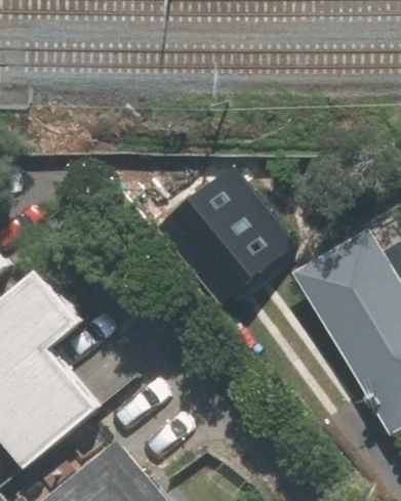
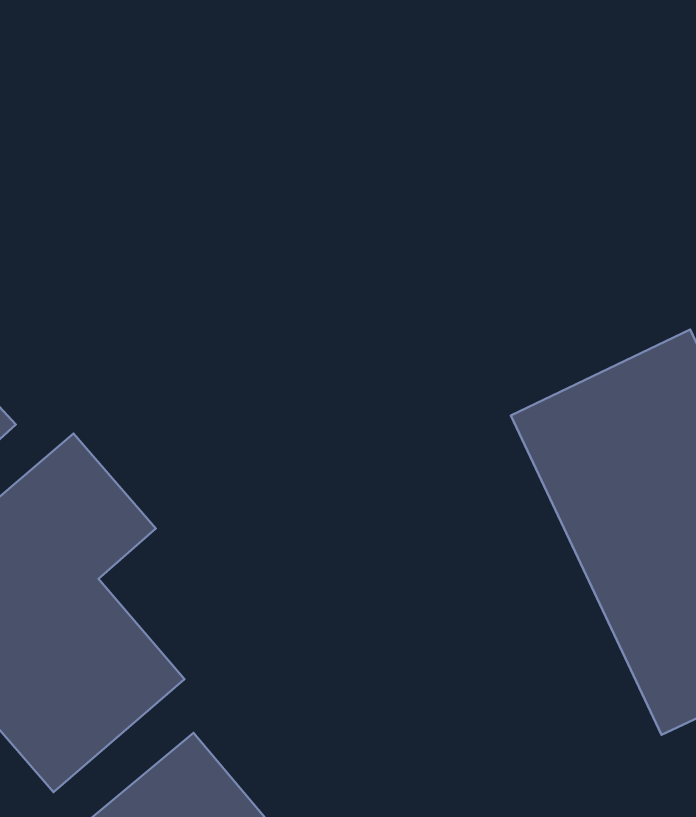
building: [158,171,285,300] -> none

